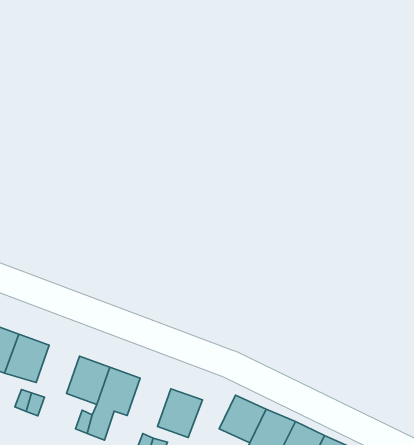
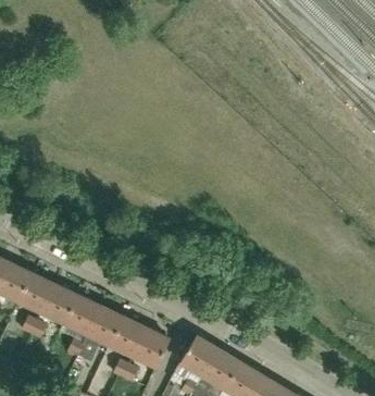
building: none -> [40,284,76,323]
building: none -> [109,317,145,356]

